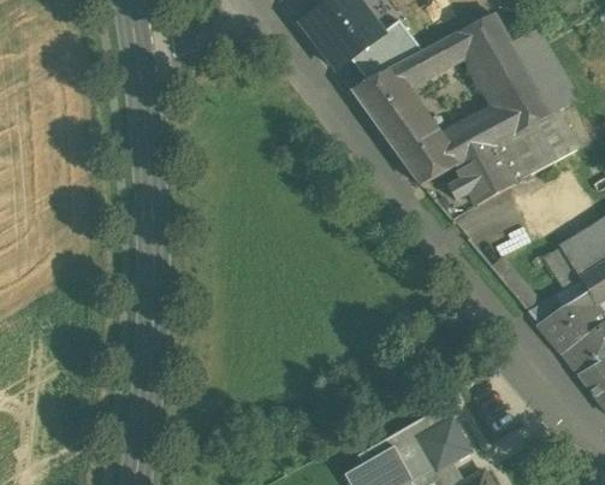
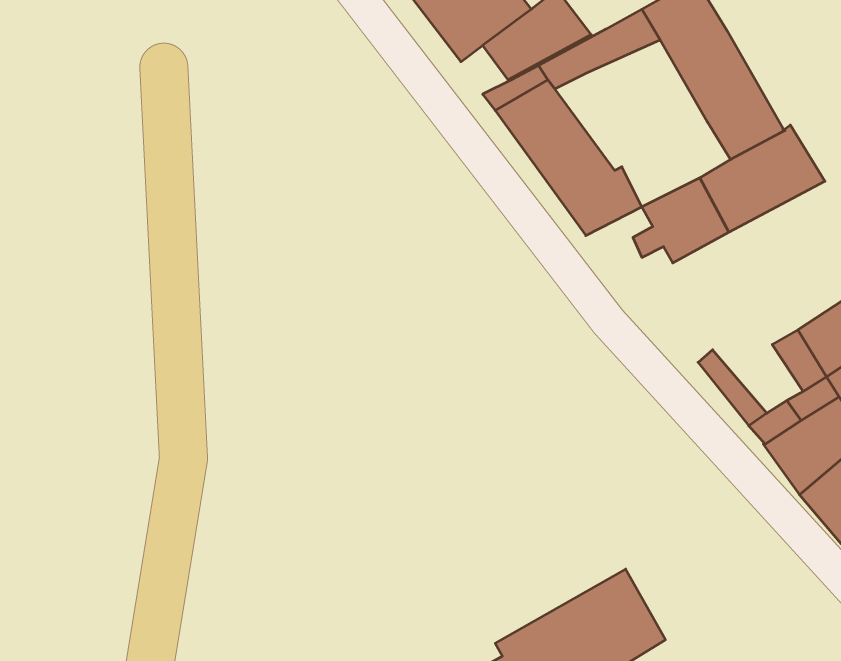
building: [514,35,575,113] -> none
building: [444,108,516,165] -> none

